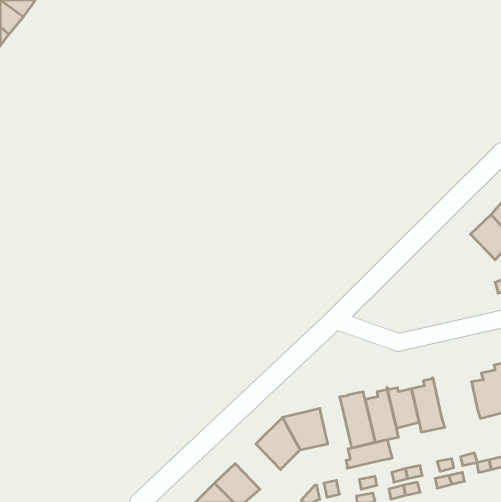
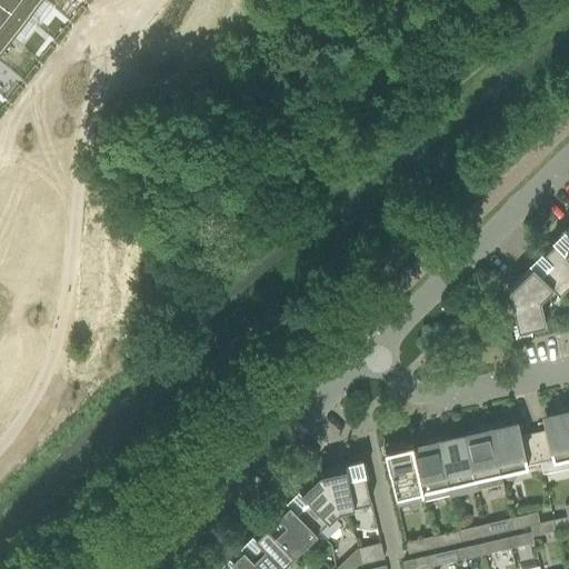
building: none -> [510,266,561,333]
building: none -> [491,427,541,472]
building: [346,440,392,468] -> none
building: none -> [268,502,319,553]

